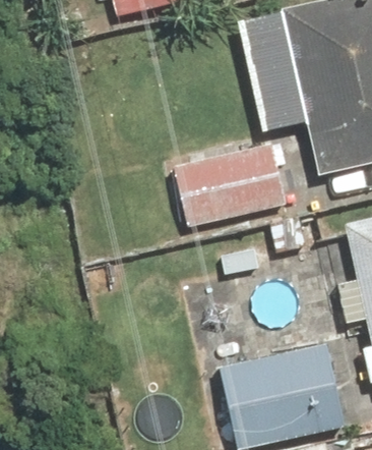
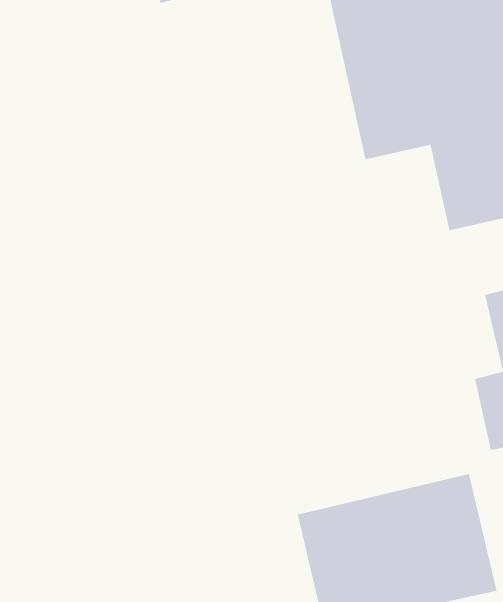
building: [172,136,288,229] -> none

